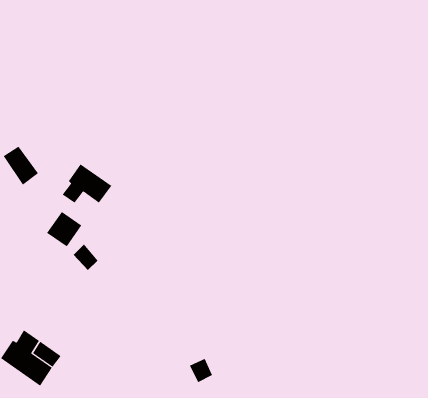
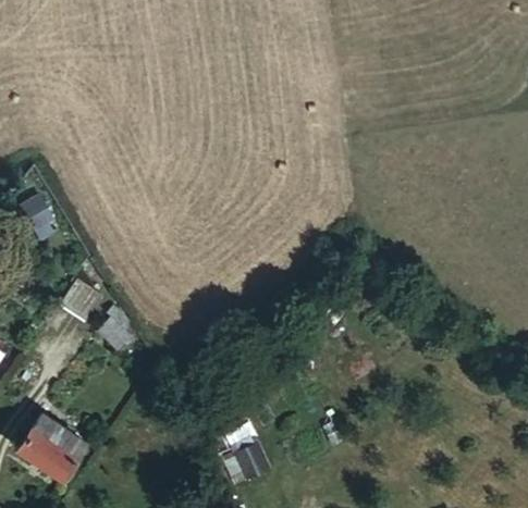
building: [62,164,112,204] -> none

